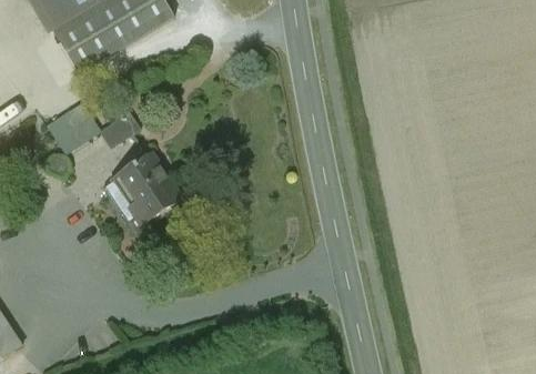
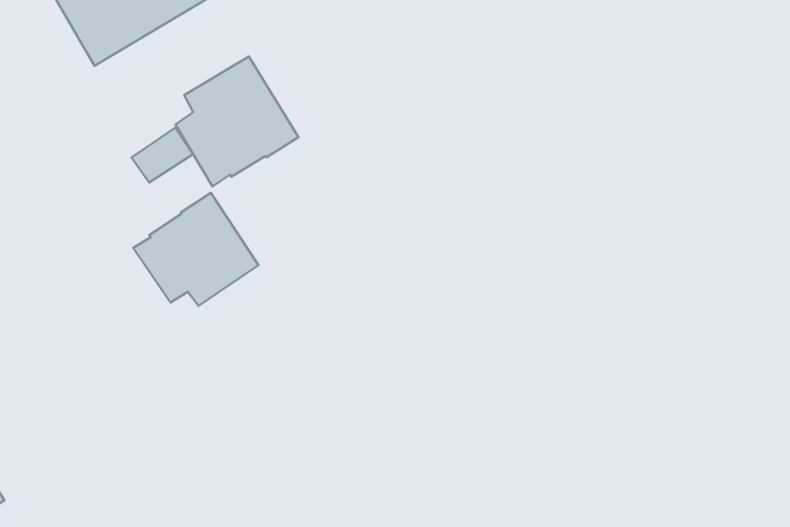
building: none -> [176,57,298,186]
building: [45,100,101,153] -> none

